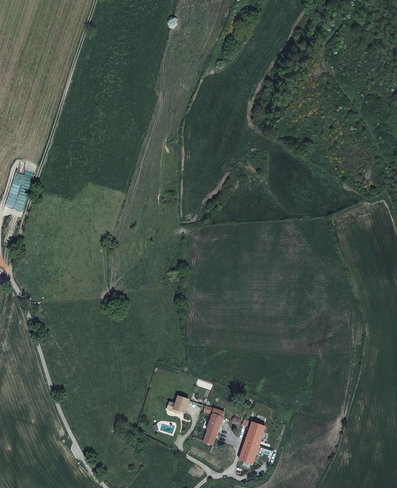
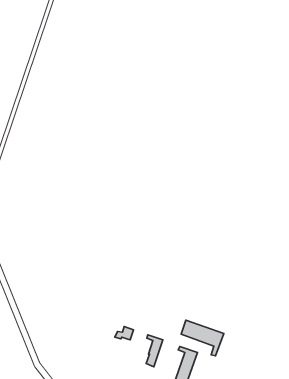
building: none -> [181,320,224,356]

